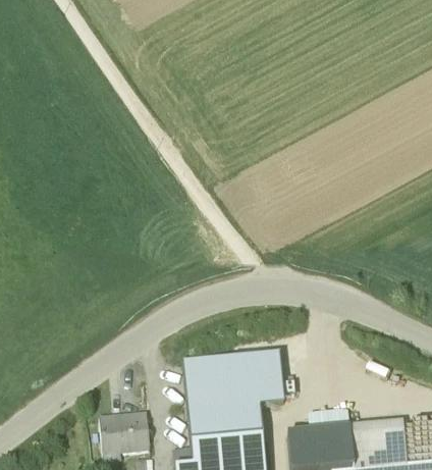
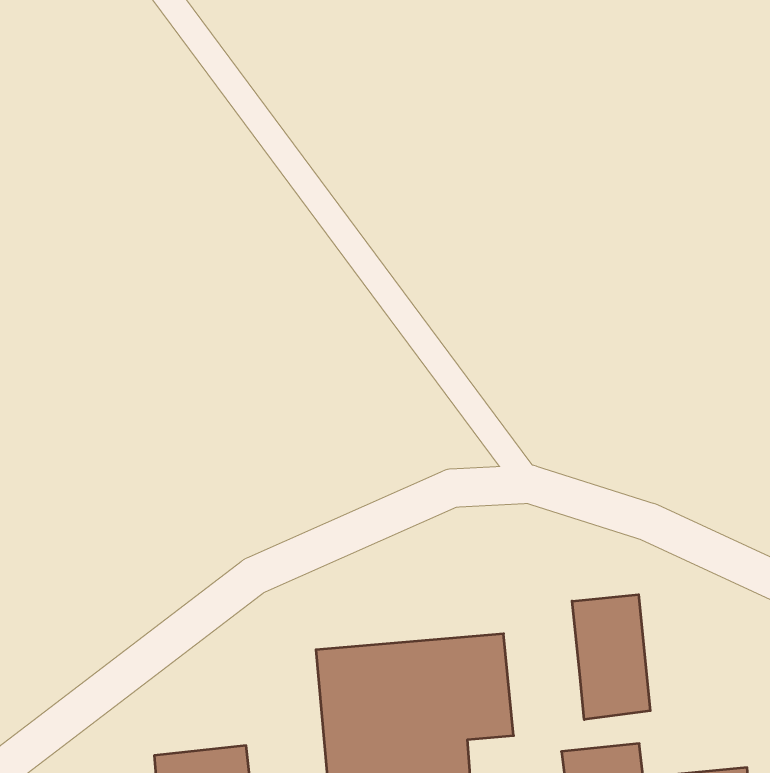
building: none -> [572,595,650,720]

